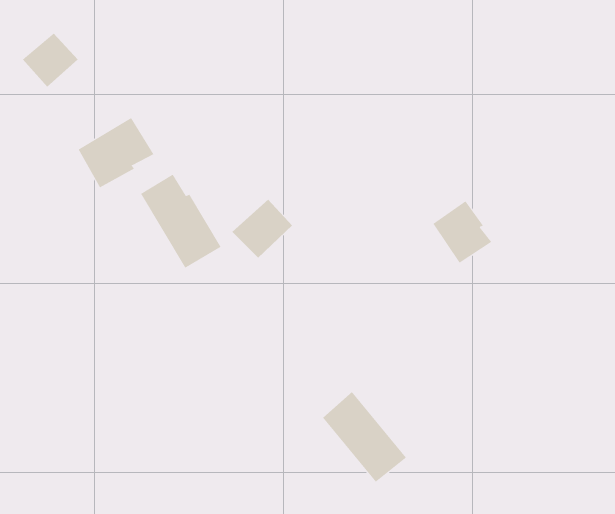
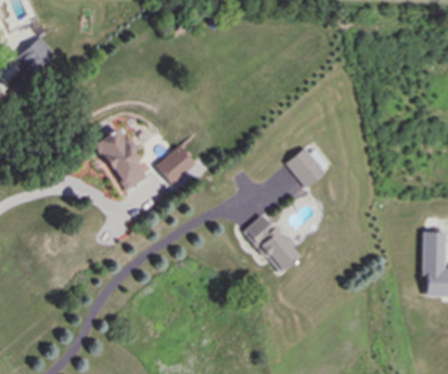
building: [78,117,154,188] -> none
building: [322,391,407,482] -> [244,214,299,273]

